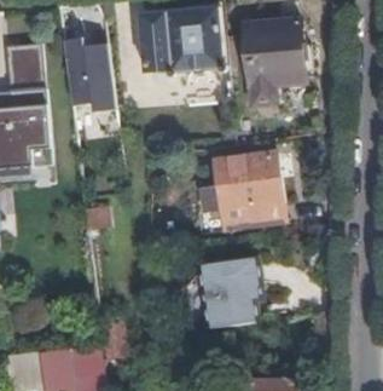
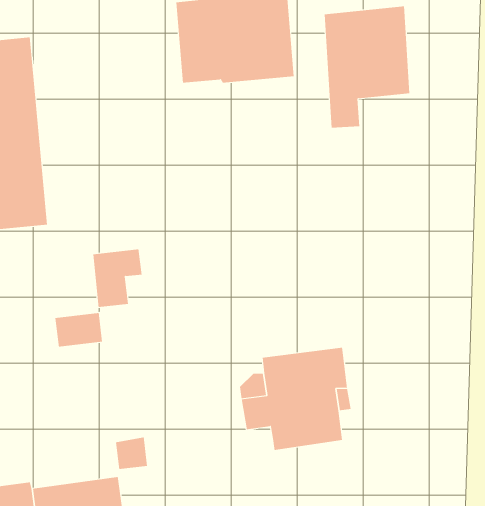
building: [64,38,116,113] -> none
building: [199,153,283,229] -> none

